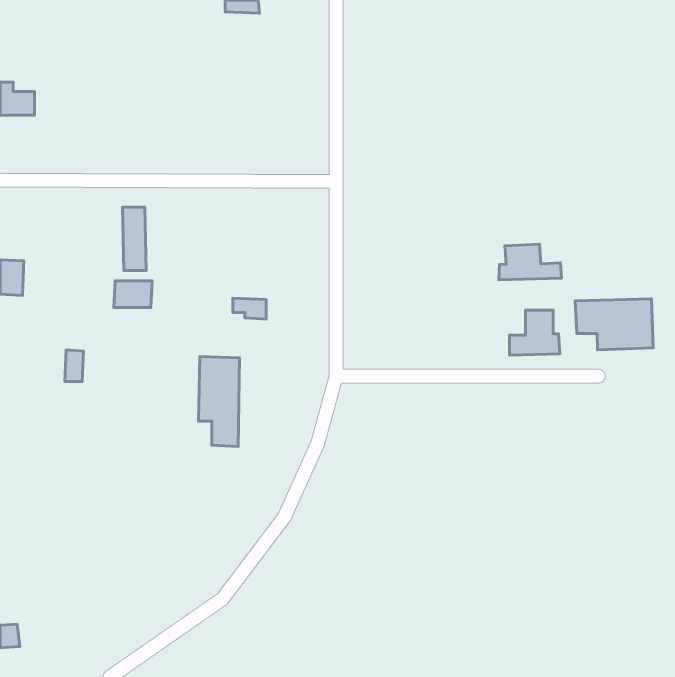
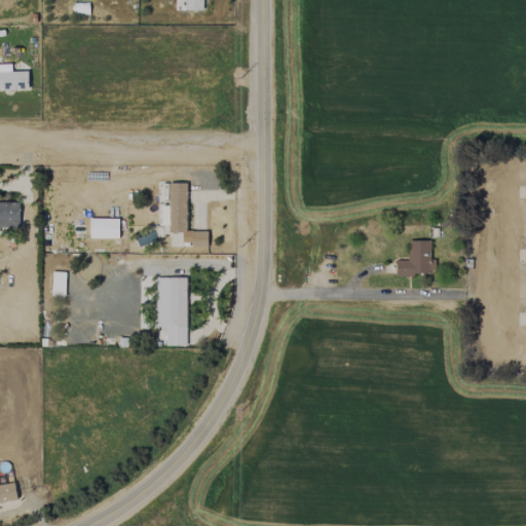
building: [122,207,146,271] -> [168,183,187,232]
building: [499,244,562,280] -> none
building: [575,299,653,350] -> none

